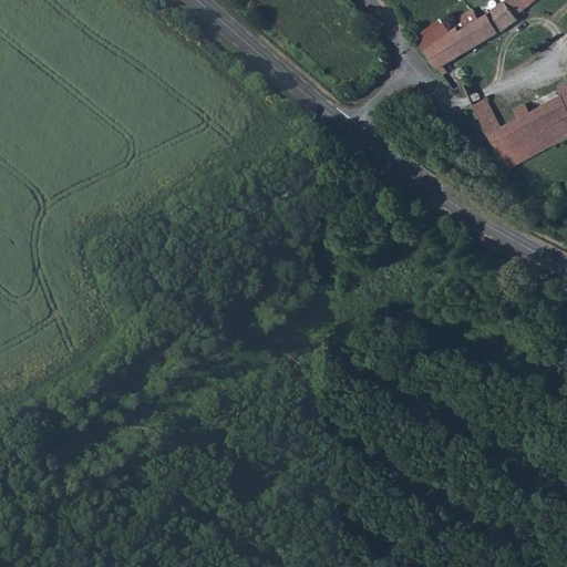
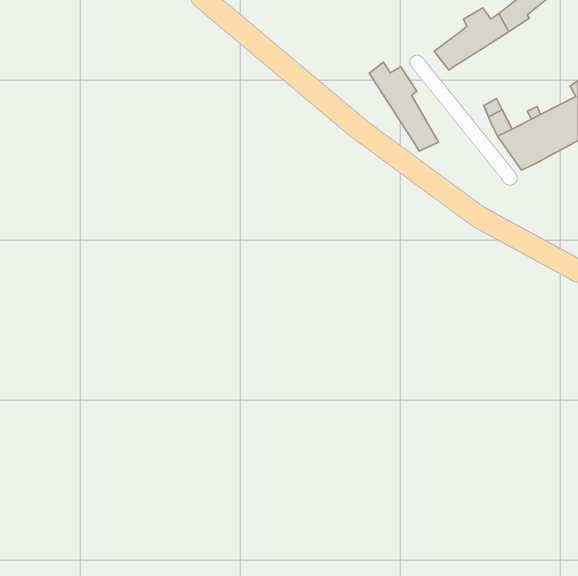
building: [414,17,450,50] -> none
building: none -> [369,62,438,151]

